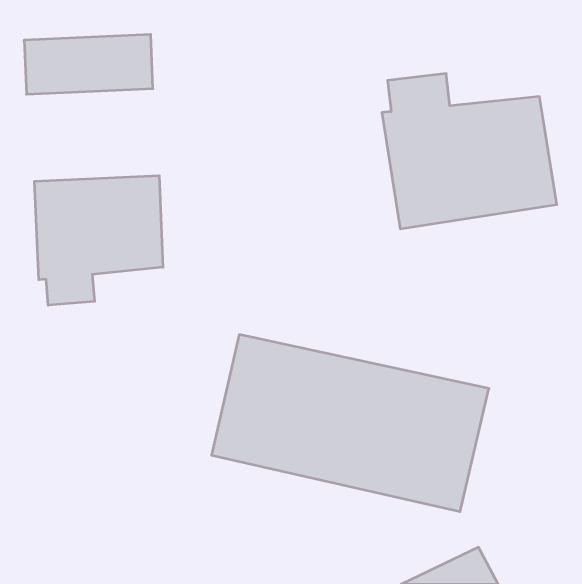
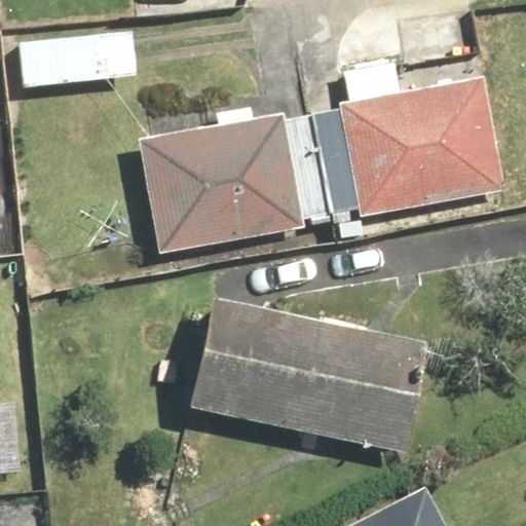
building: none -> [144,118,299,249]
building: [35,176,163,305] -> none

